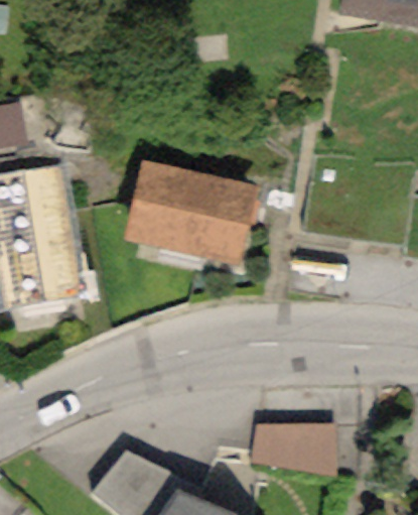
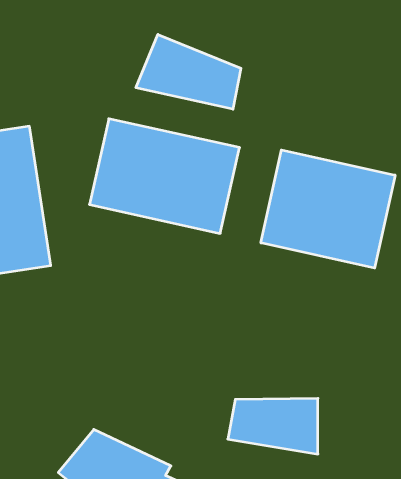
building: none -> [136,34,241,109]
building: none -> [261,150,395,268]

